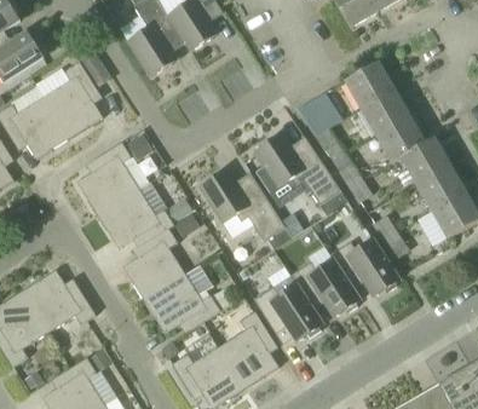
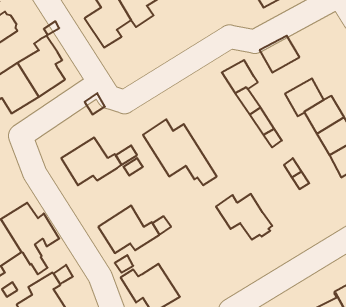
building: [359,88,409,134] -> none
building: [253,131,347,215] -> none
building: [75,142,138,214] -> none
building: [122,226,184,300] -> none
building: [329,240,398,296] -> none
building: [253,275,322,341] -> none
building: [218,311,277,387] -> none

